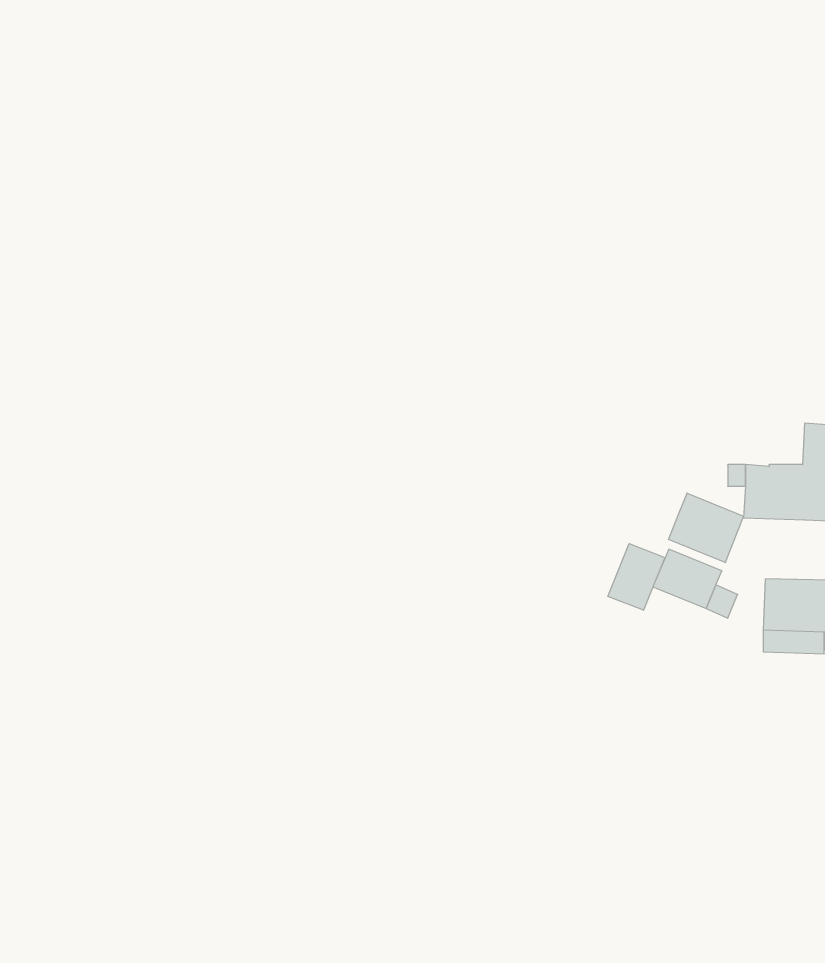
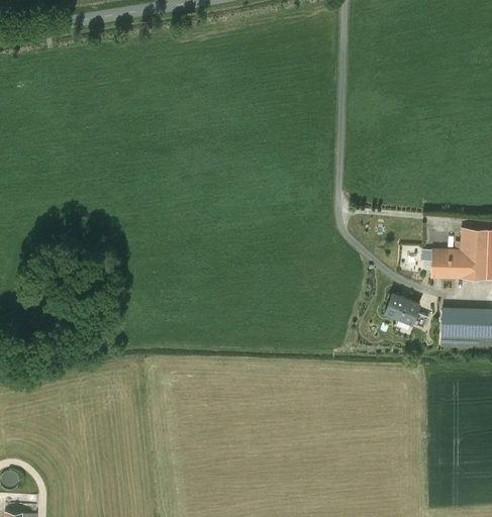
building: [669,493,744,563] -> none
building: [608,544,665,610] -> none

